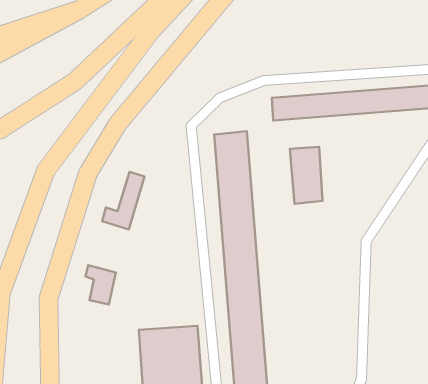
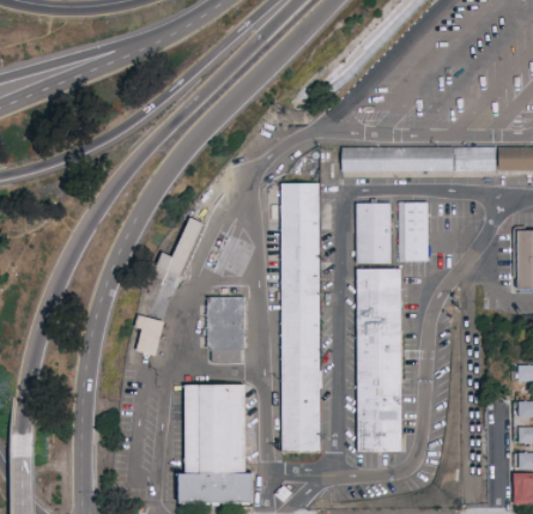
building: none -> [399,201,428,261]
building: none -> [357,270,399,448]
building: none -> [205,298,246,359]

